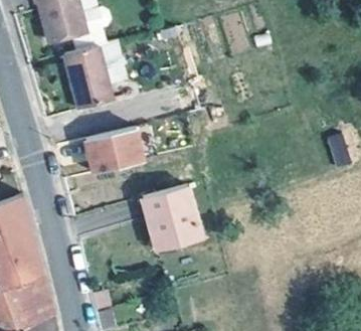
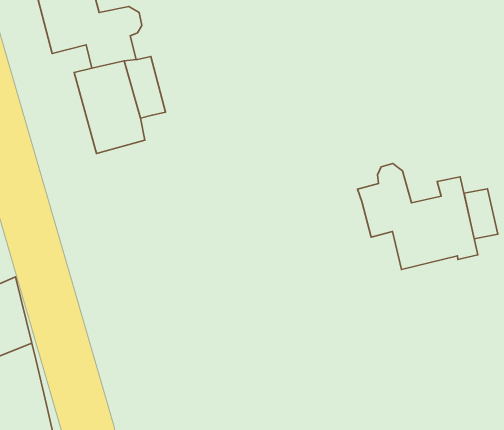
building: none -> [357,163,478,269]
building: [84,126,143,173] -> none
building: [144,185,201,250] -> none

